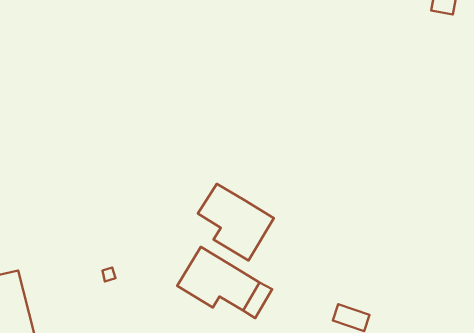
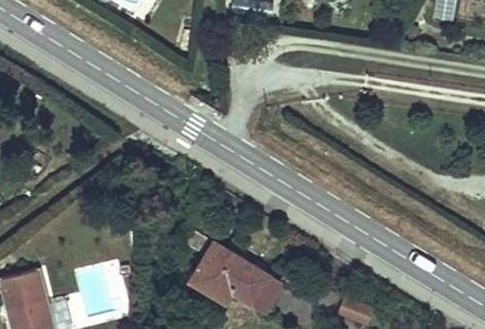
building: [198,184,274,260] -> none

